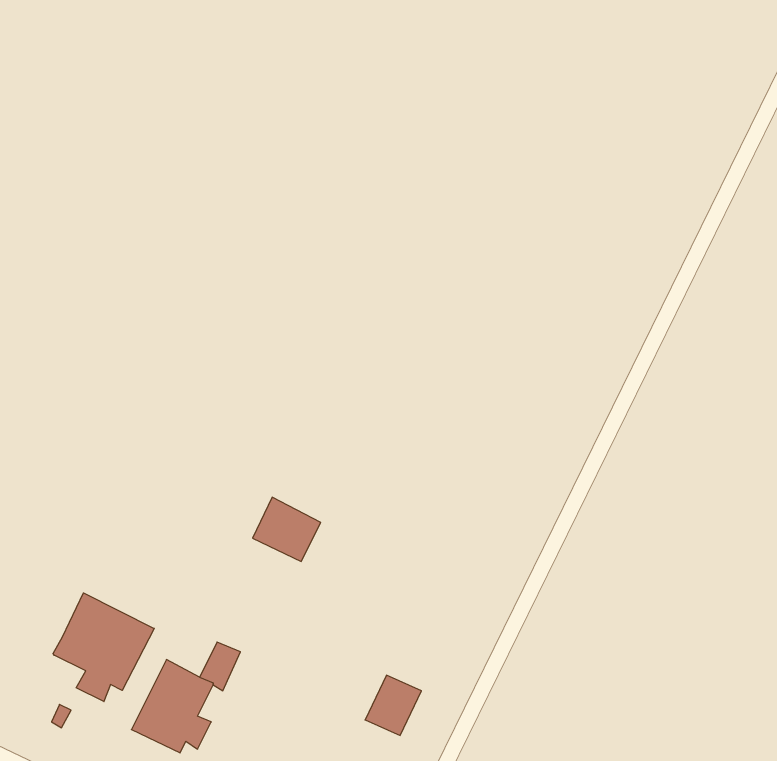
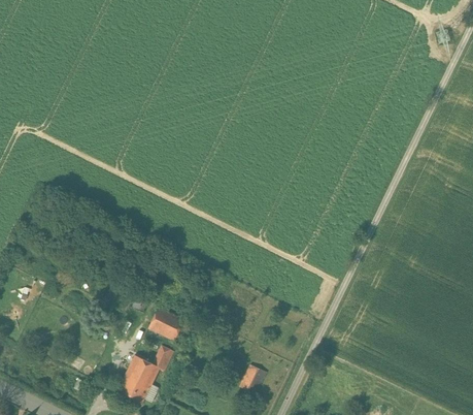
building: [253,497,321,561] -> [147,307,183,341]
building: [53,593,154,702] -> none

